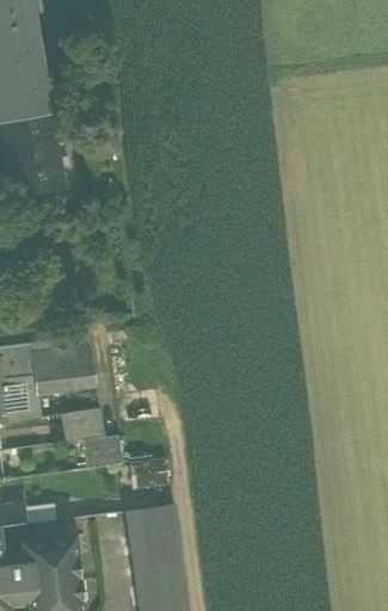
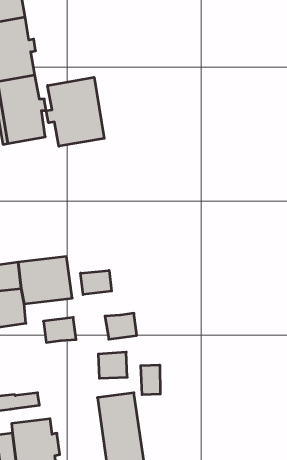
building: none -> [46,77,104,146]
building: none -> [81,270,112,295]
building: [82,436,122,468] -> [105,313,137,339]
building: none -> [141,365,160,395]

